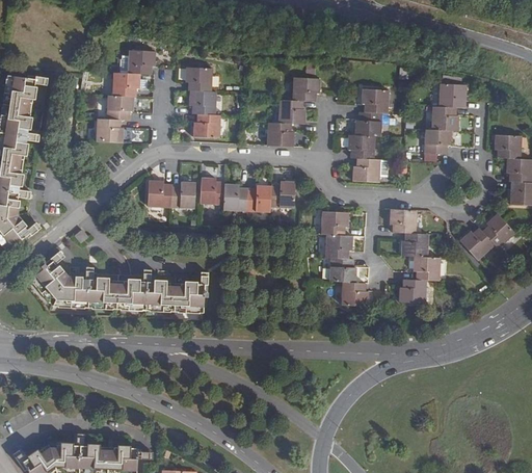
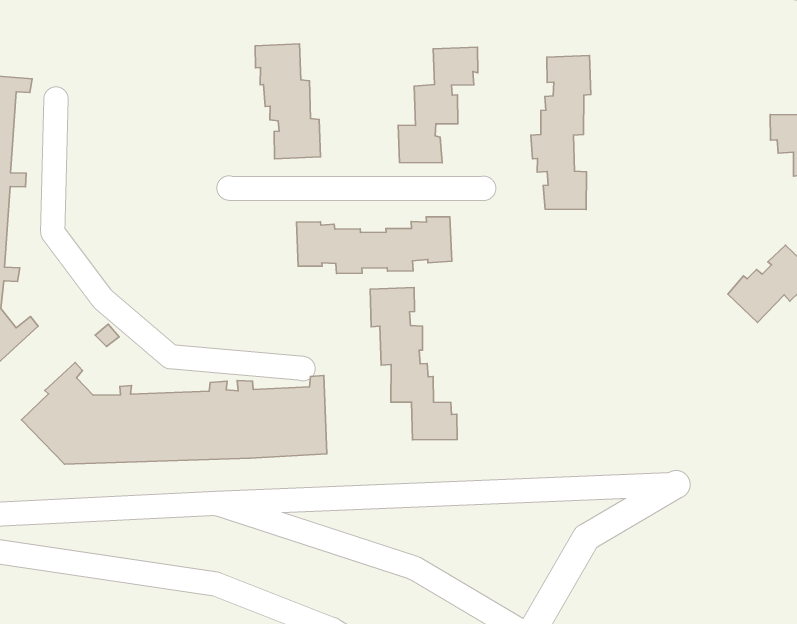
building: [96,51,155,142] -> none
building: [424,83,466,154] -> none
building: [148,180,194,209] -> none
building: [390,209,441,304] -> none
building: [321,211,369,307] -> [370,287,457,440]

